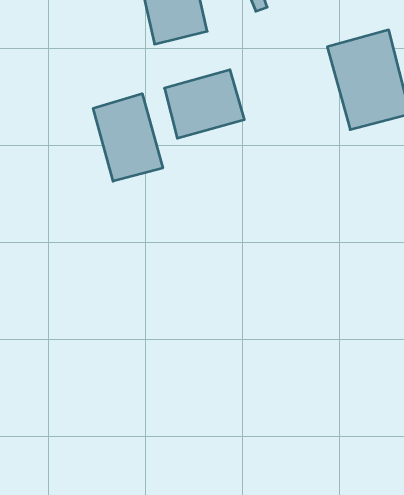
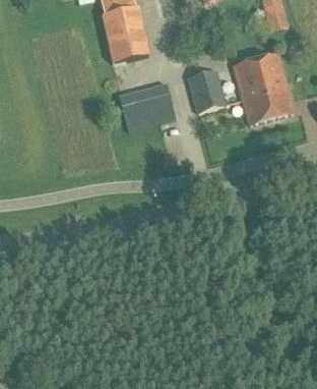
building: none -> [189,69,227,112]
building: [93,94,163,181] -> none

